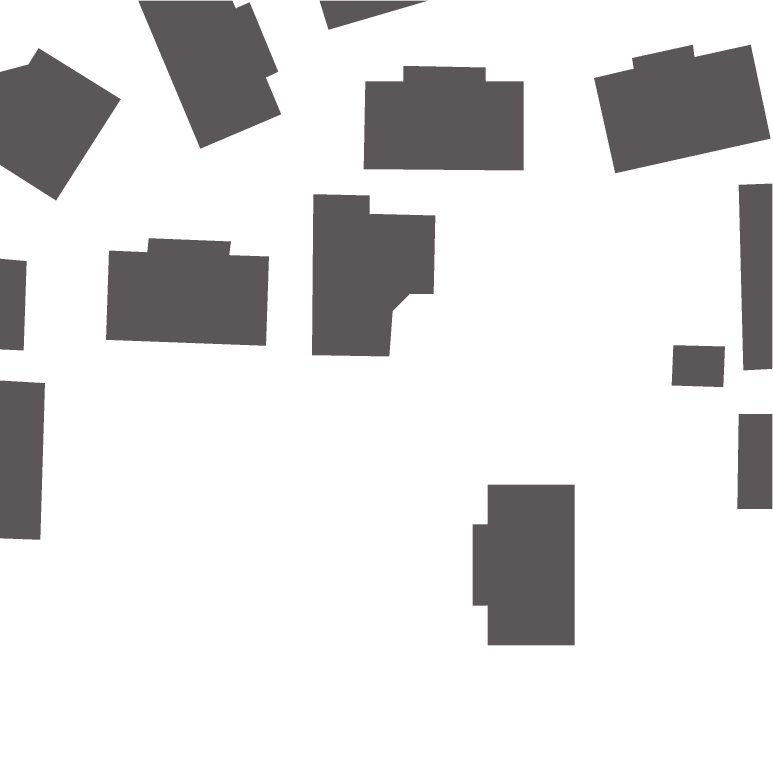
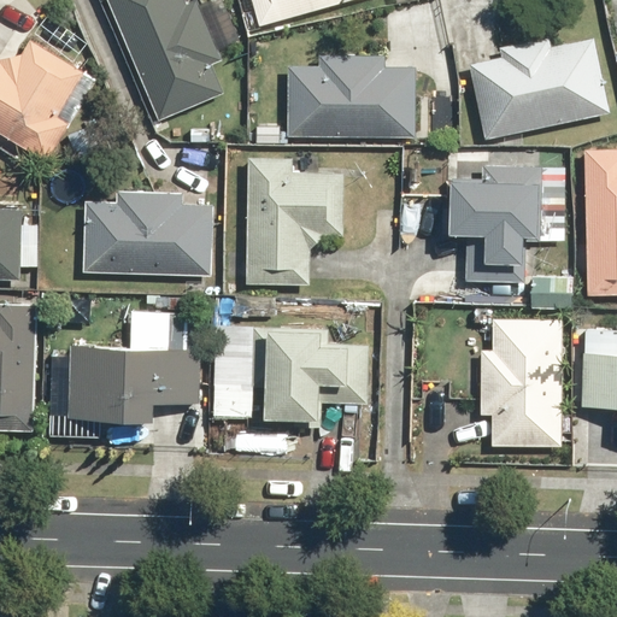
building: none -> [448,147,565,284]
building: none -> [69,312,201,419]
building: none -> [215,327,369,417]
building: [472,484,575,646] -> [480,319,562,447]

